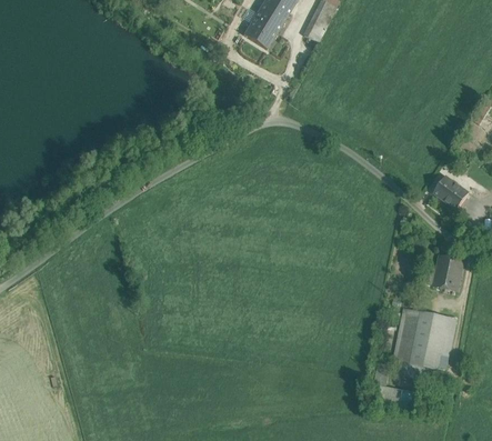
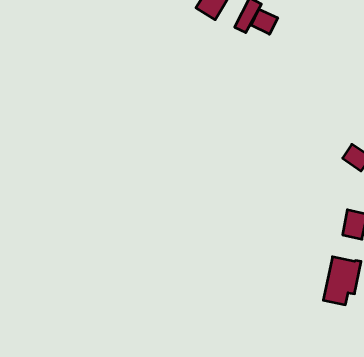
building: [243,11,281,49] -> none
building: none -> [251,9,278,34]
building: [394,307,422,363] -> none

